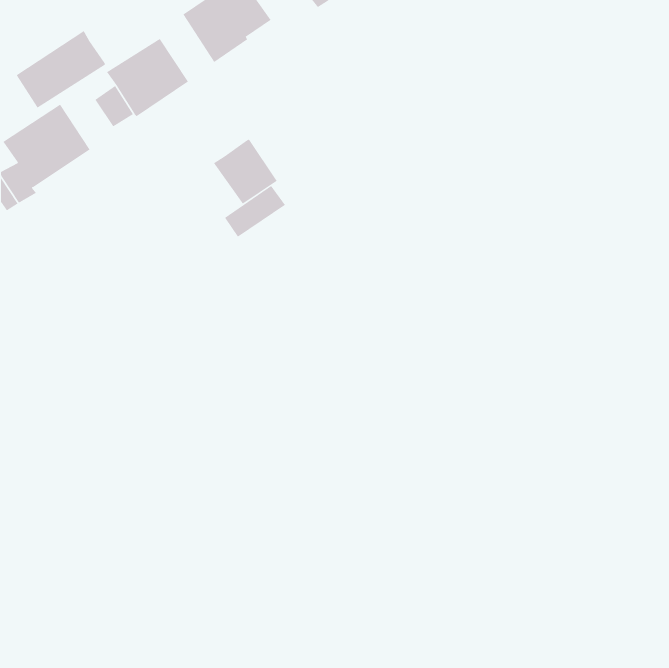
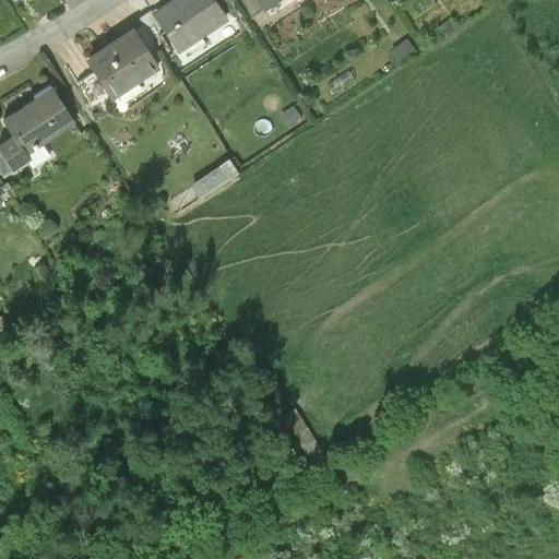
building: [16,30,106,108] -> none
building: [213,139,277,204] -> none

